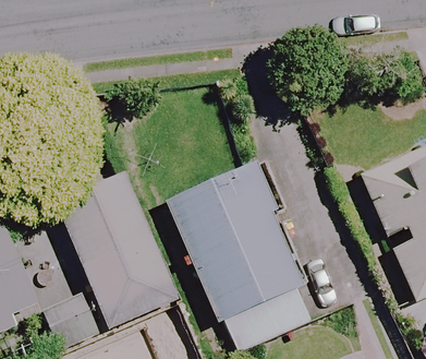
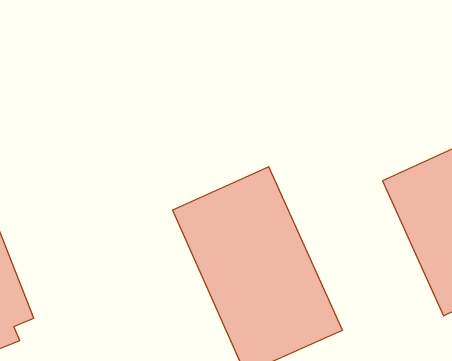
building: [56,178,175,326] -> none

